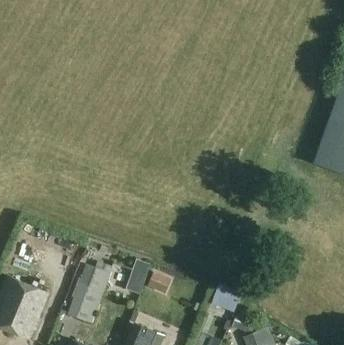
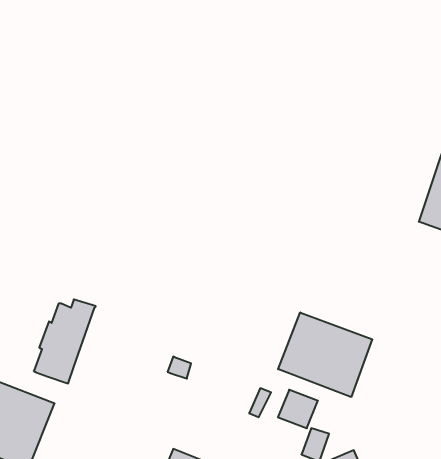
building: none -> [278,312,372,397]
building: [67,261,112,322] -> [34,299,96,383]

